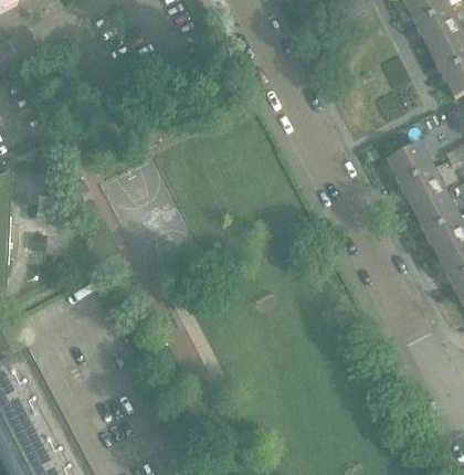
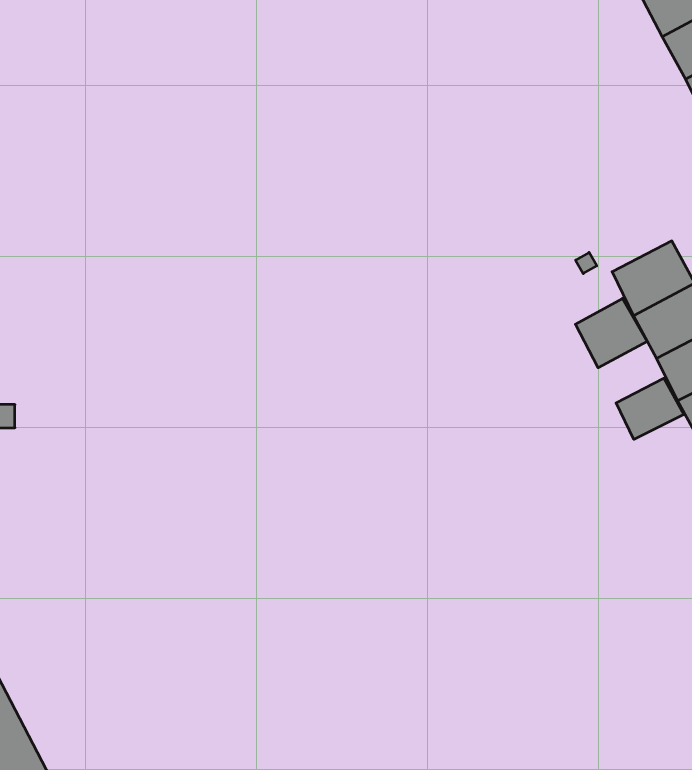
building: none -> [575,298,647,368]
building: none -> [616,378,684,439]

